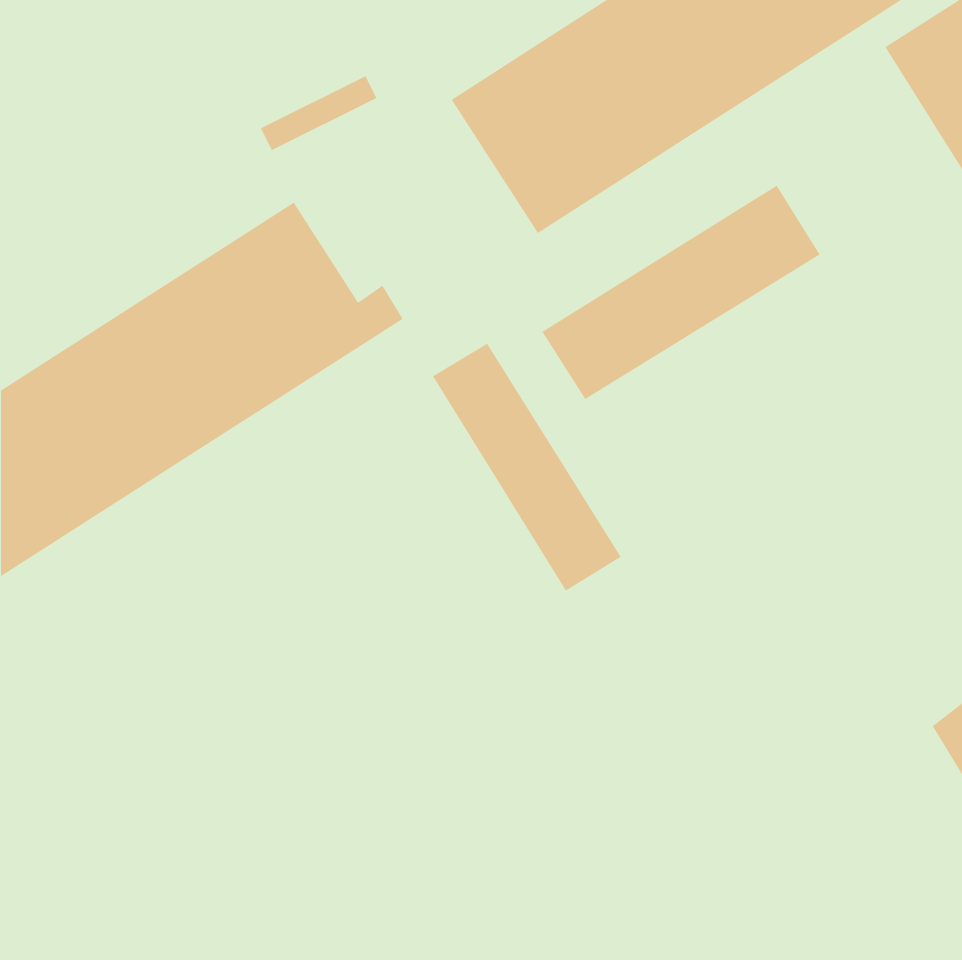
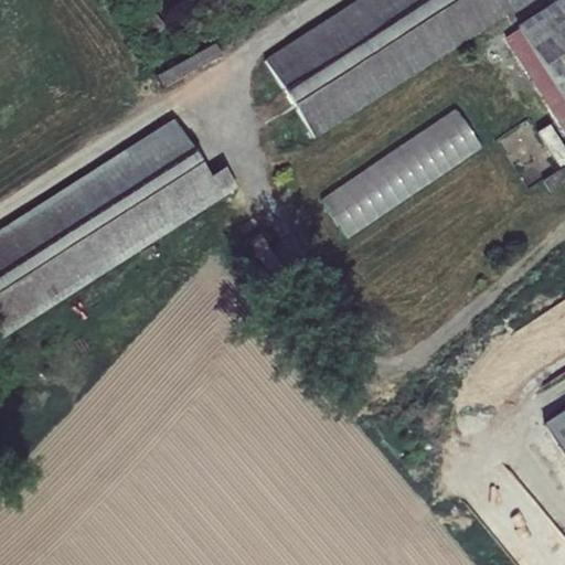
building: [432,343,621,592] -> none

